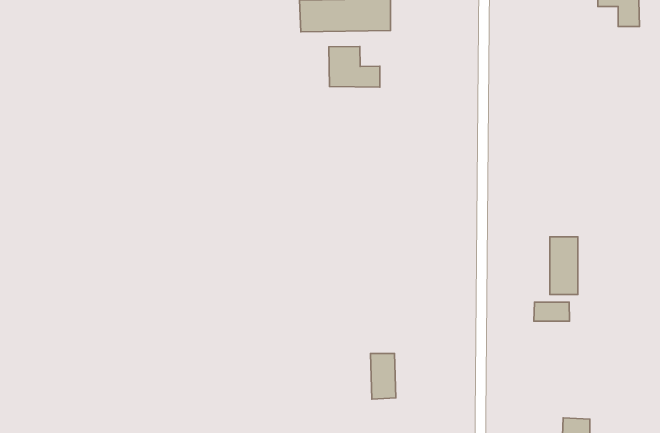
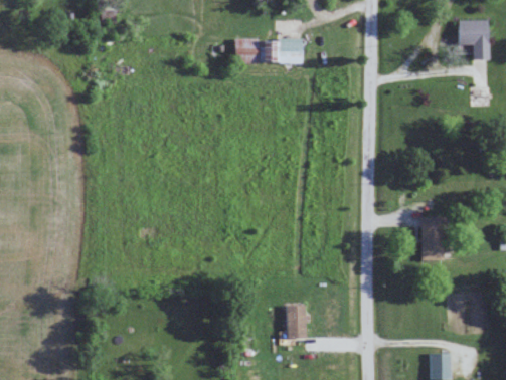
building: [329,46,380,87] -> none
building: [534,302,570,321] -> none

